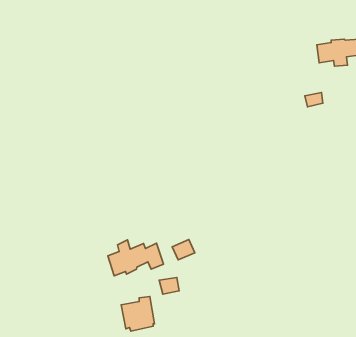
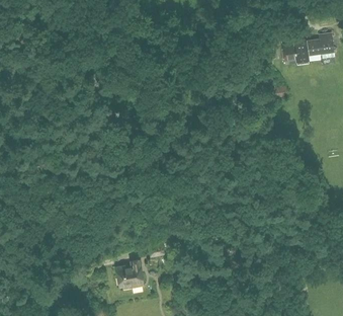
building: [108,240,163,276] -> none

